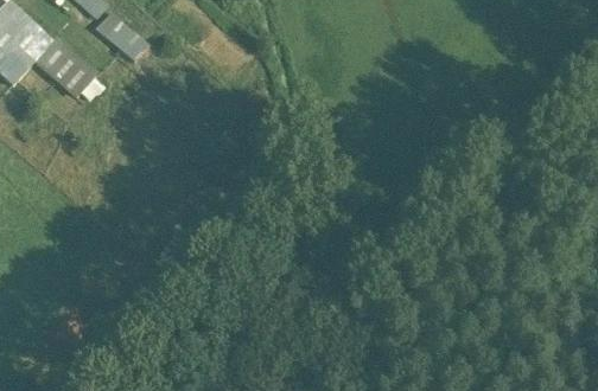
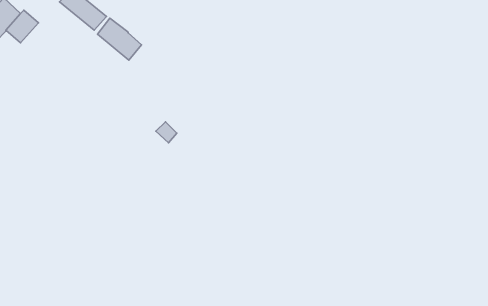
building: none -> [97,18,142,60]
building: [51,51,95,95] -> none

